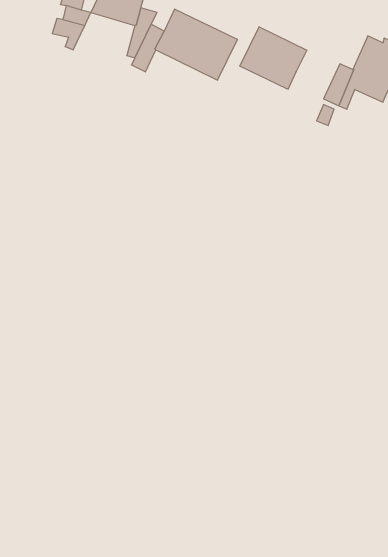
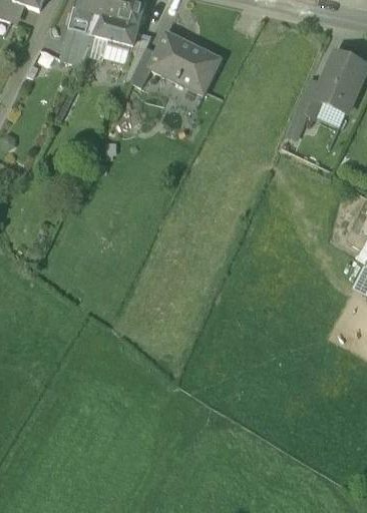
building: [240,27,307,89] -> none

